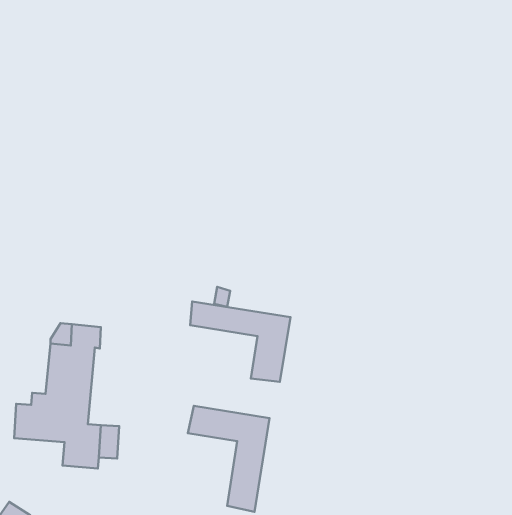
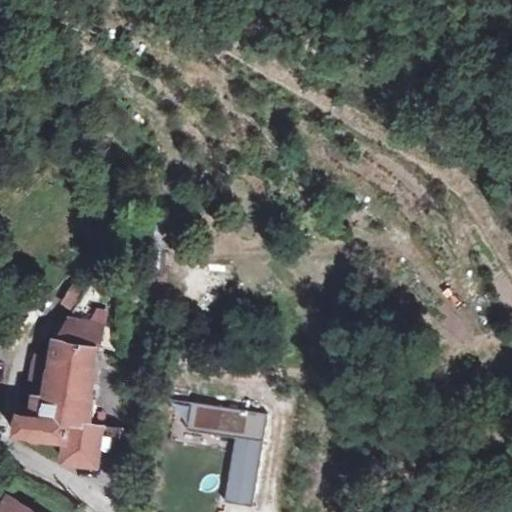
building: [190,301,290,382] -> none

